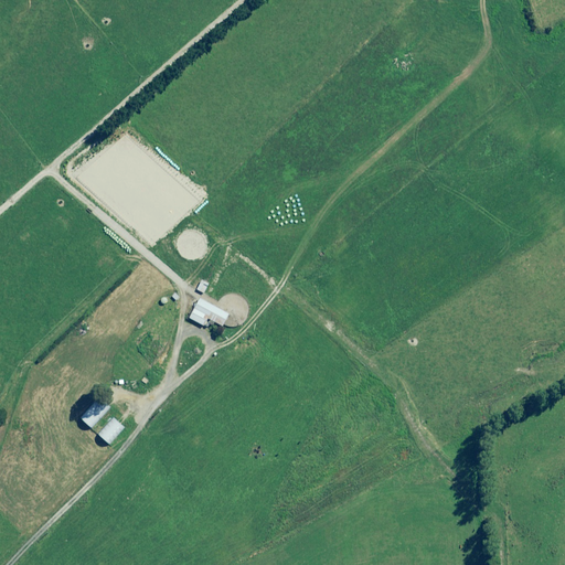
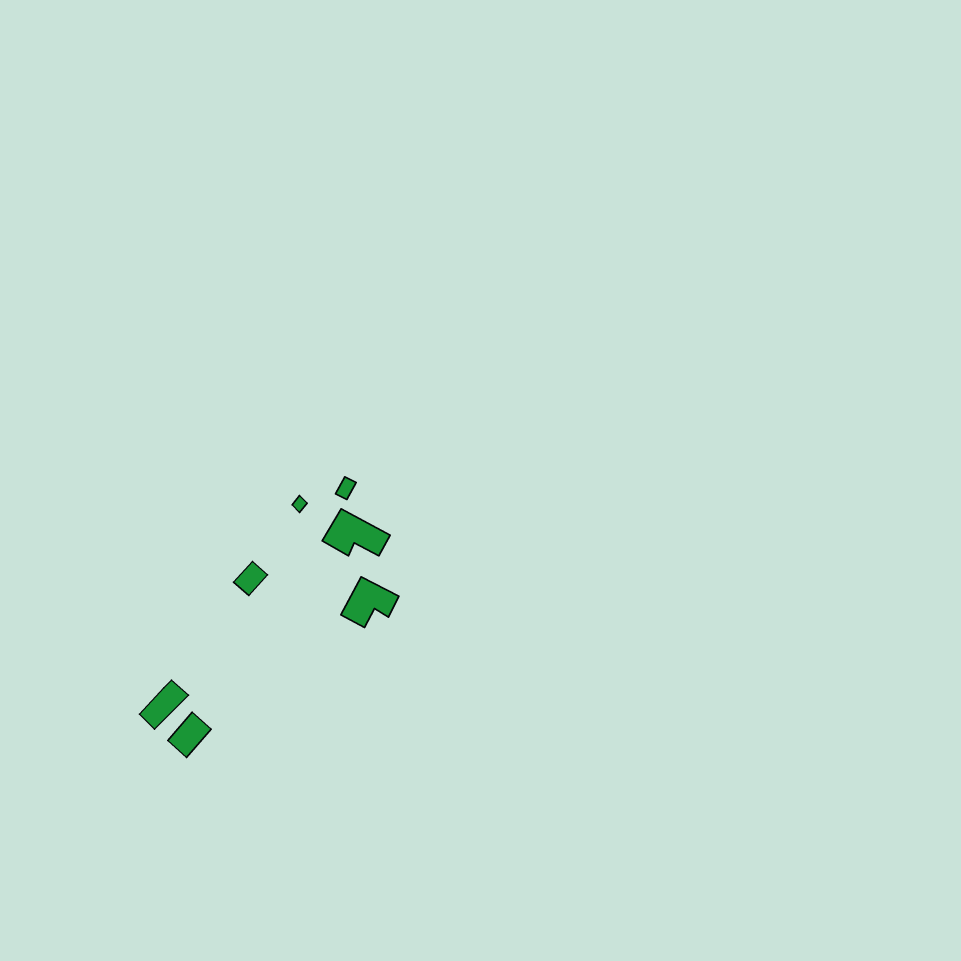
building: none -> [341,577,399,627]

